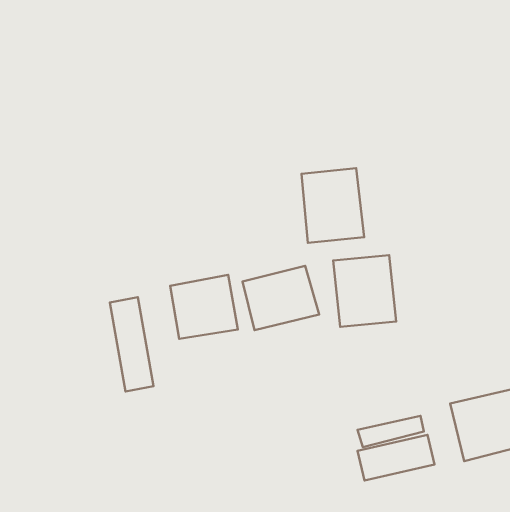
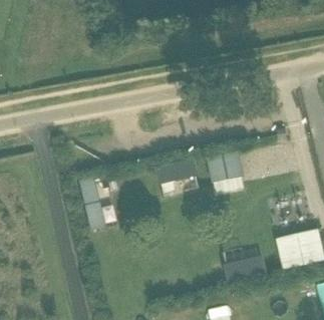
building: [302,168,364,243] -> none
building: [170,275,238,339] -> none

